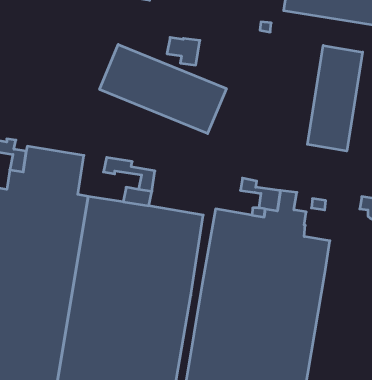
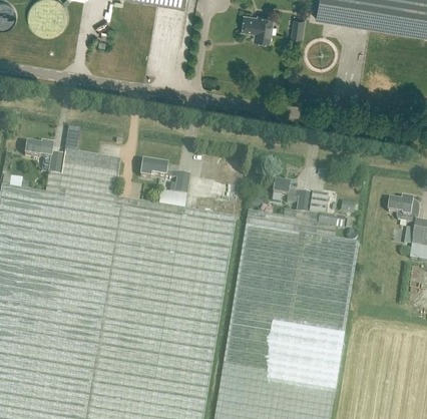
building: [167,37,200,65] -> [241,16,273,43]
building: [100,44,226,134] -> none
building: [307,45,363,151] -> none

